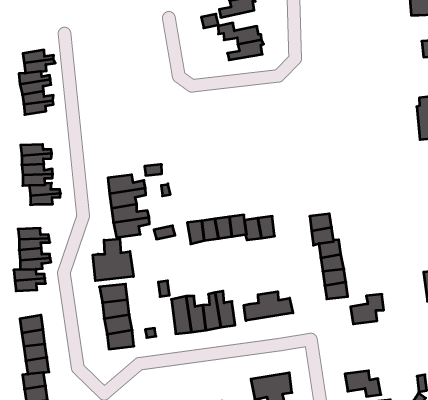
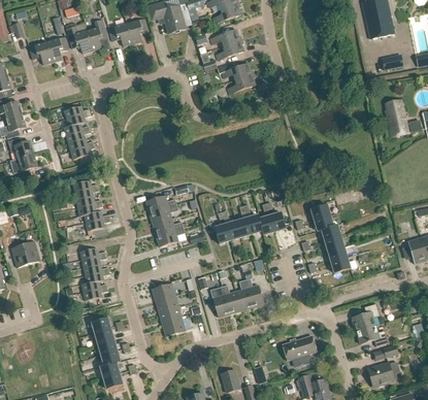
building: [93,239,133,281] -> none
building: [244,292,293,321] -> none
building: [351,294,384,324] -> [352,303,378,330]

